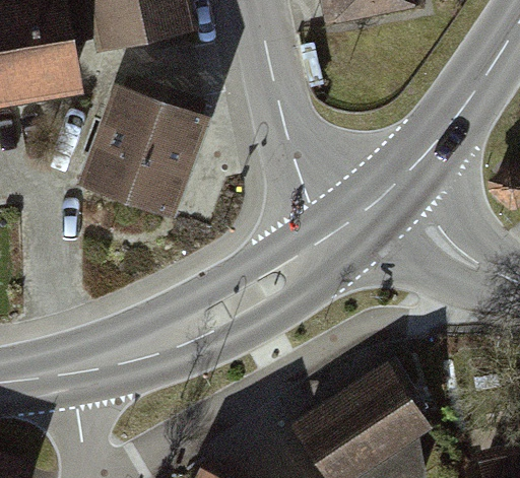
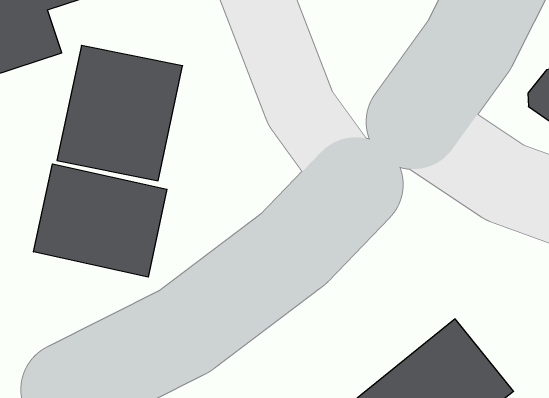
building: none -> [34,164,167,277]

